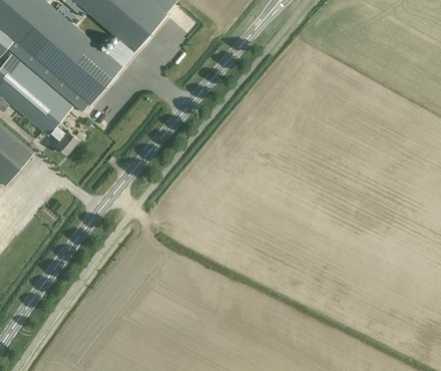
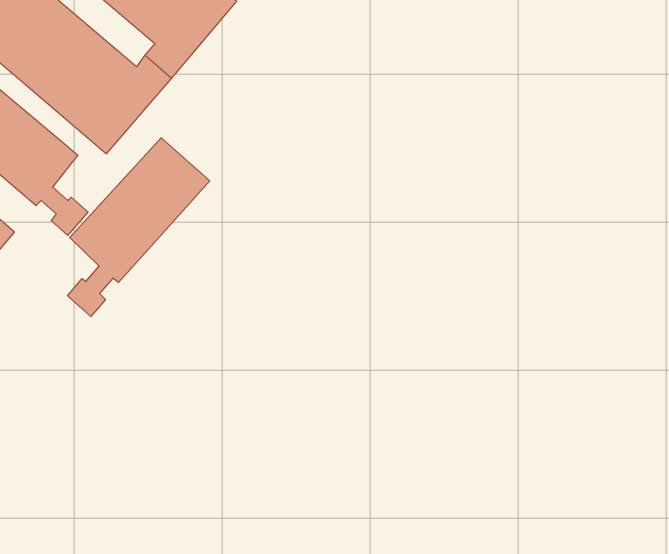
building: none -> [68,138,210,317]

